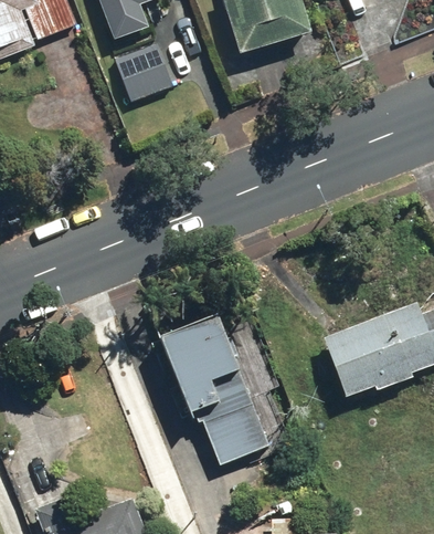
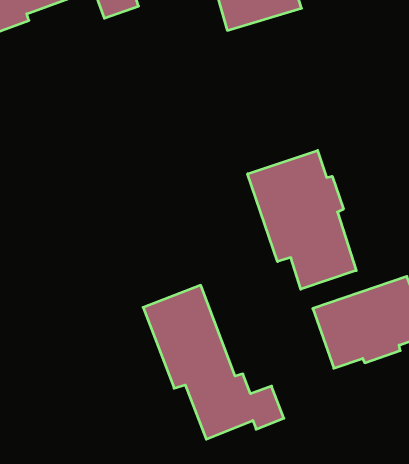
building: [118,43,177,103] -> none
building: none -> [248,150,356,289]

